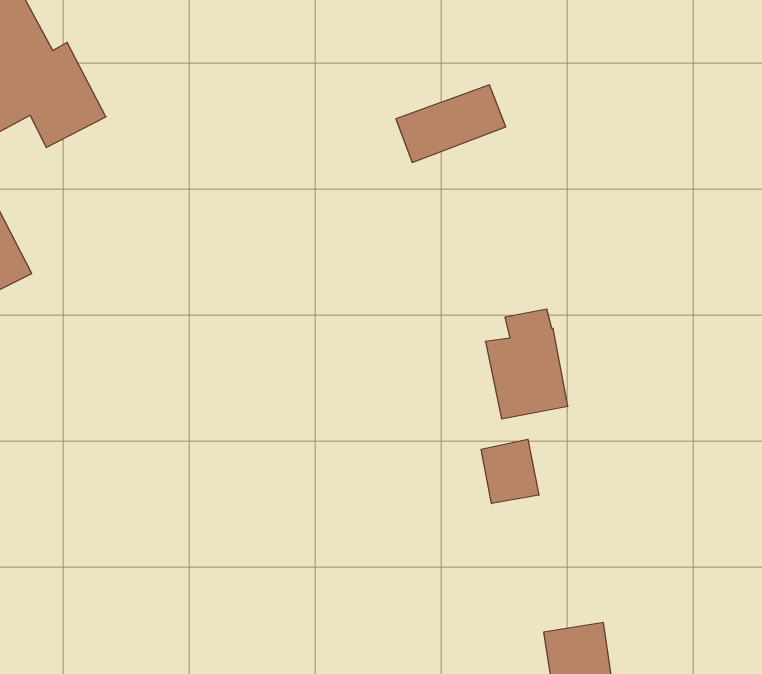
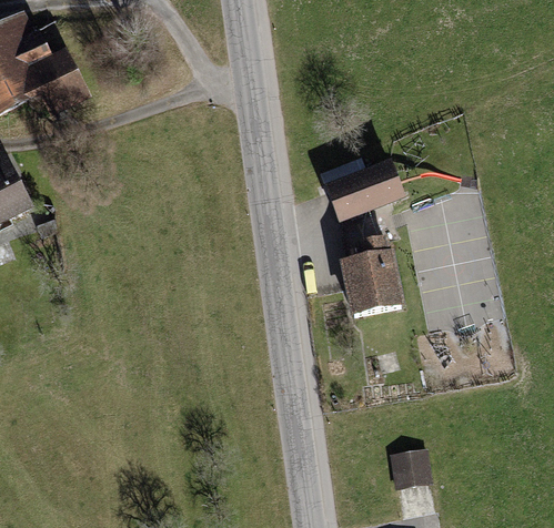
building: [396,85,506,162] -> [326,160,402,213]
building: [481,439,539,504] -> none

